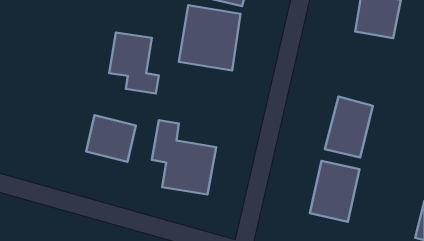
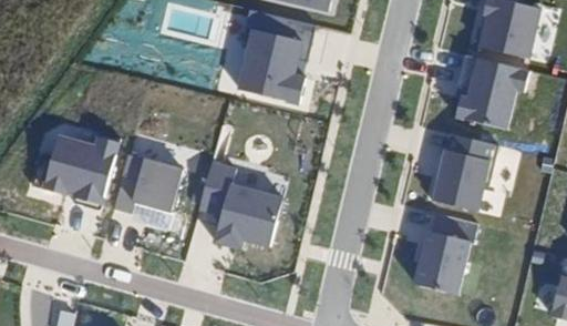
building: [109,33,159,93] -> none
building: none -> [453,53,518,128]
building: none -> [33,130,113,203]

